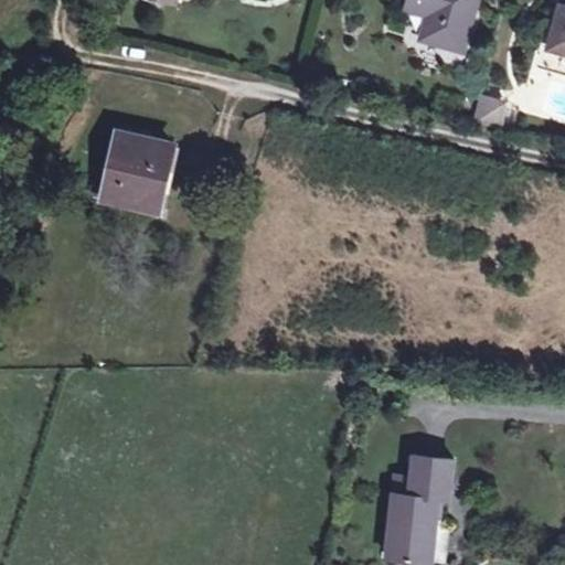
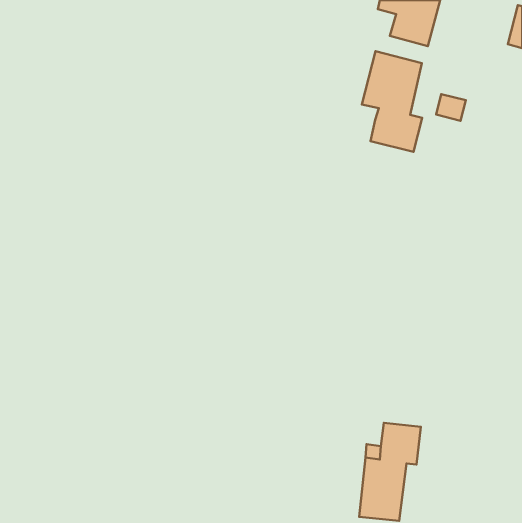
building: none -> [362,51,422,152]
building: [102,134,173,210] -> none

